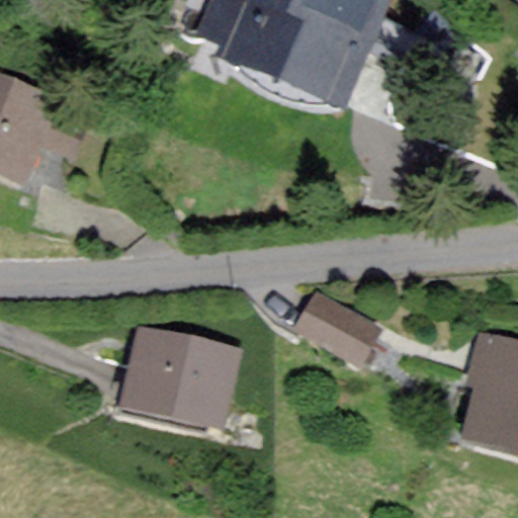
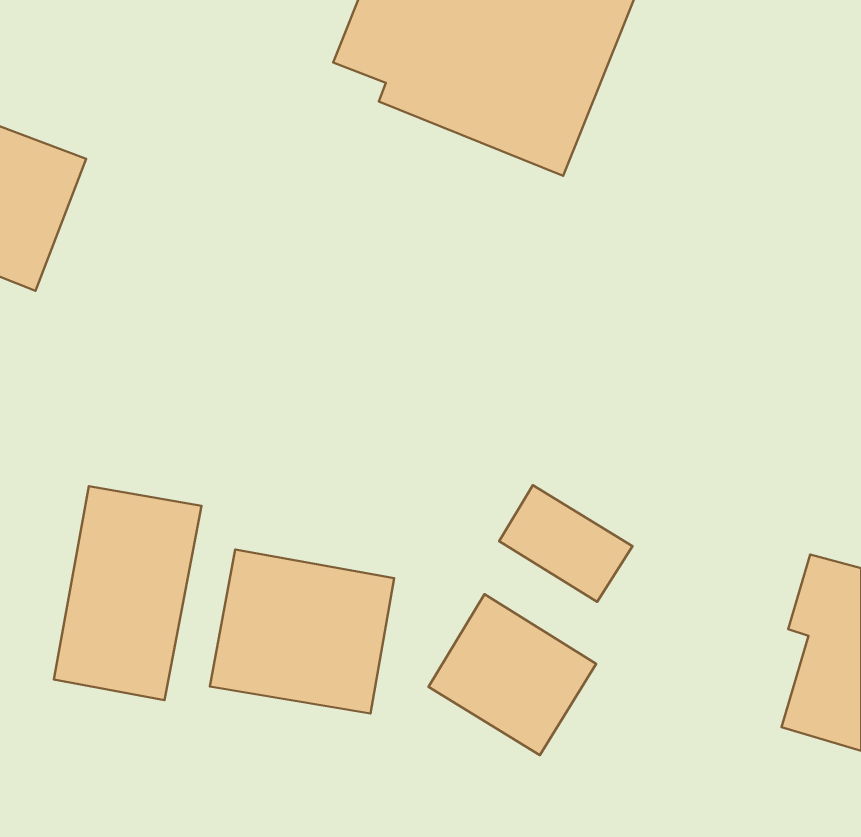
building: none -> [54,486,201,700]
building: none -> [428,594,596,755]

